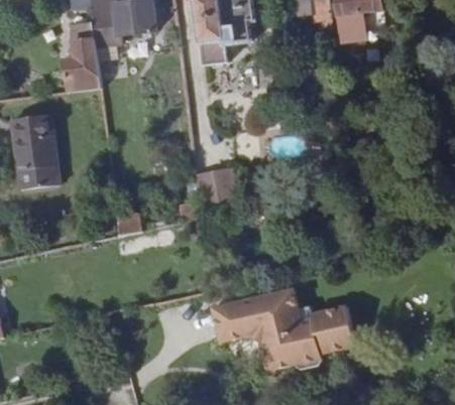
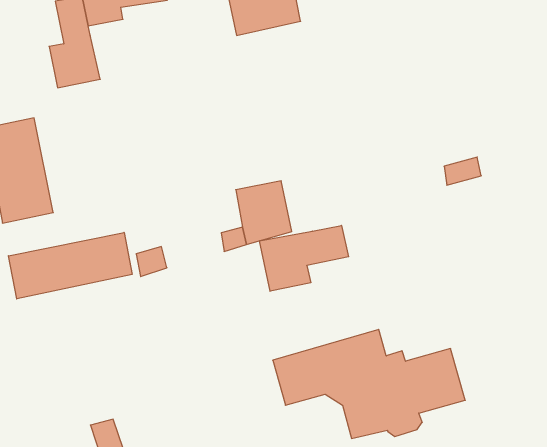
building: none -> [8,232,132,299]
building: none -> [259,225,349,291]

